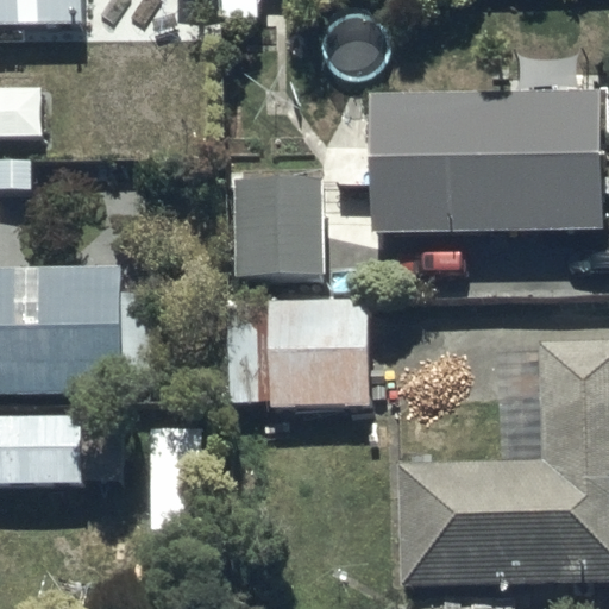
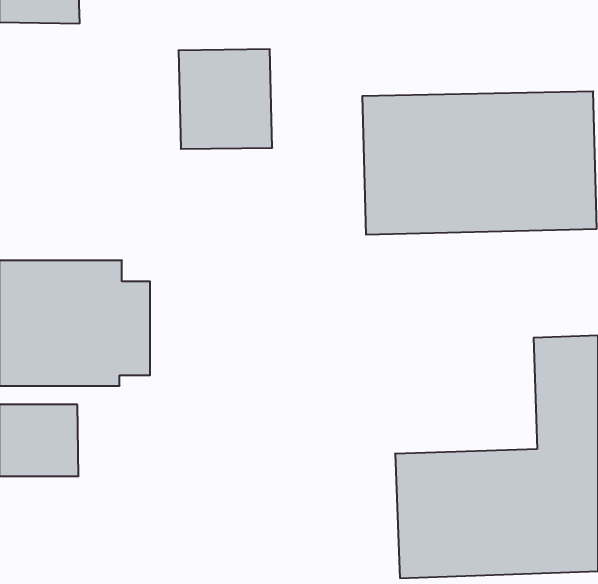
building: [231,175,326,276] -> [178,49,272,149]
building: [231,296,369,401] -> none

